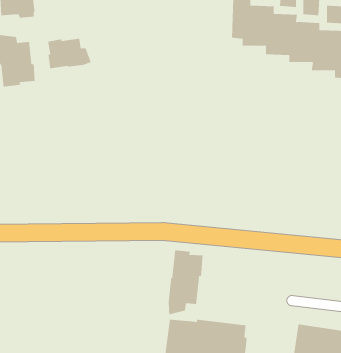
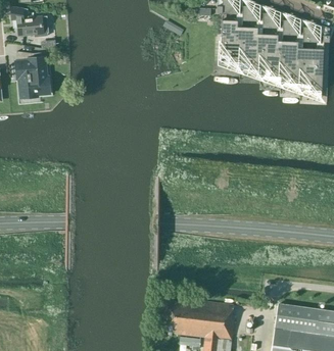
building: [48,38,91,69] -> none
building: [168,249,203,315] -> none

